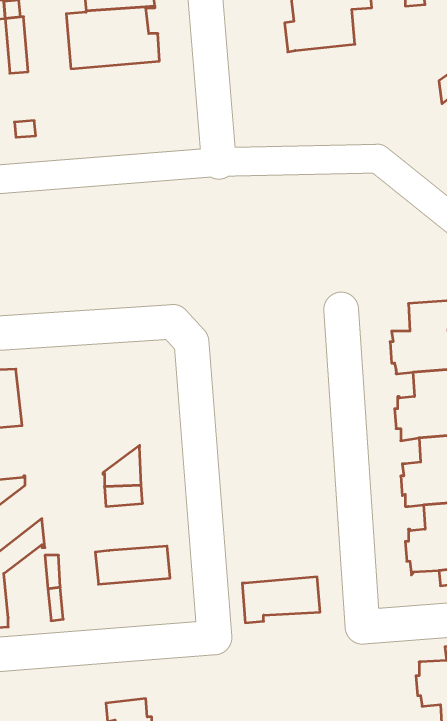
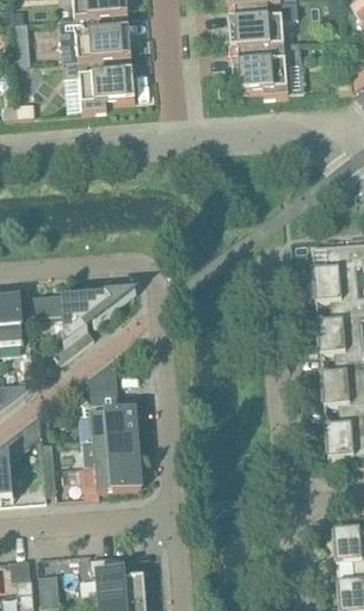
building: none -> [233,42,301,97]
building: none -> [62,56,135,111]
building: none -> [26,292,136,362]
building: none -> [85,409,137,439]
building: [242,577,320,623] -> [81,461,142,496]

